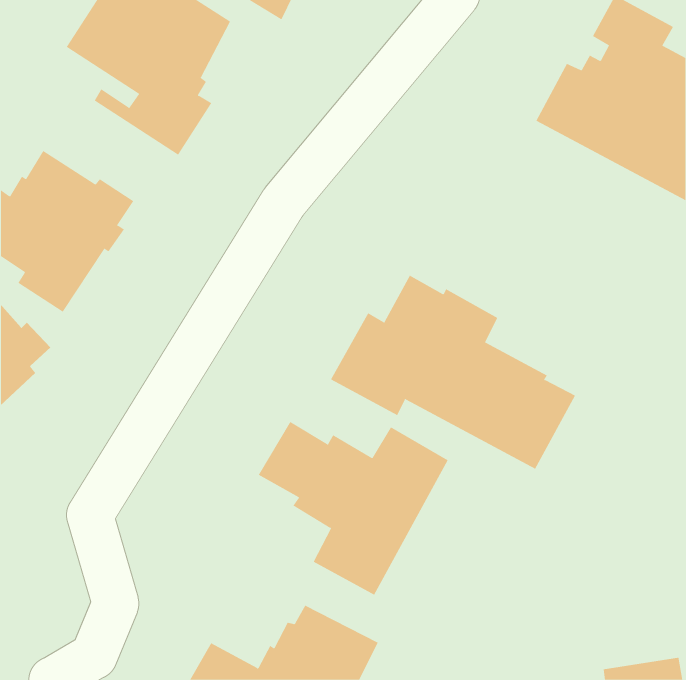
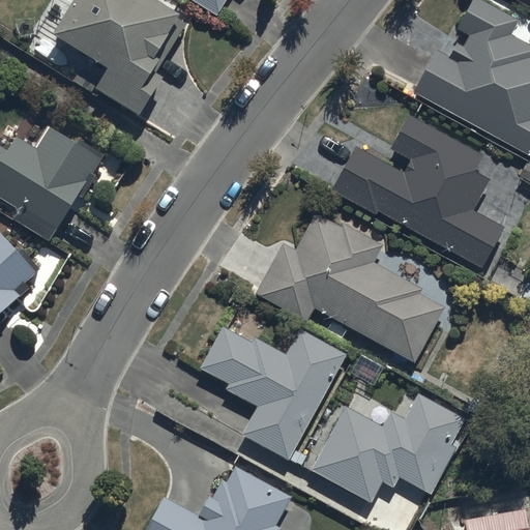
building: none -> [333,114,505,266]
building: none -> [312,391,466,501]

